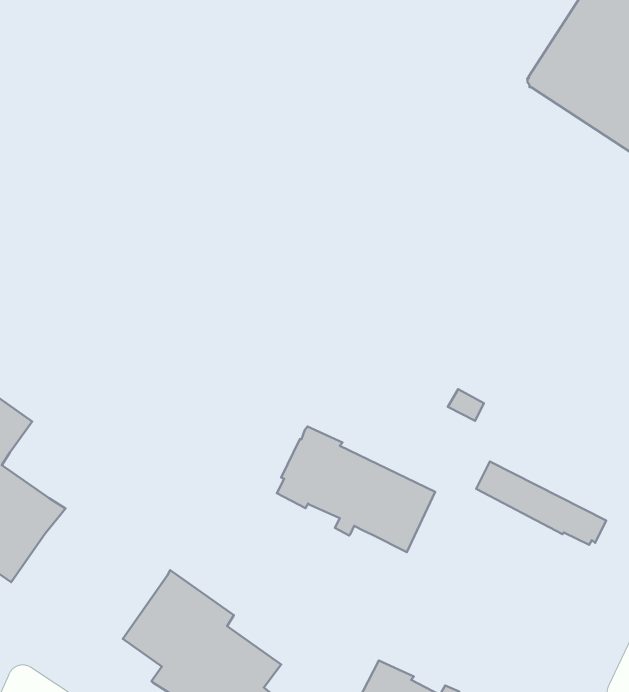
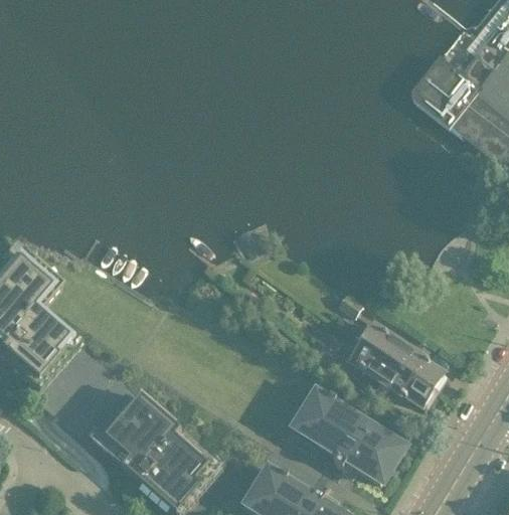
building: [277,426,435,552] -> [295,389,400,480]
building: none -> [359,322,442,388]

